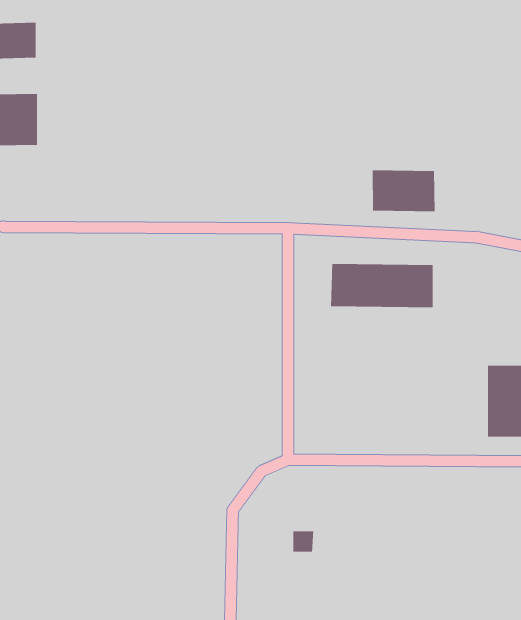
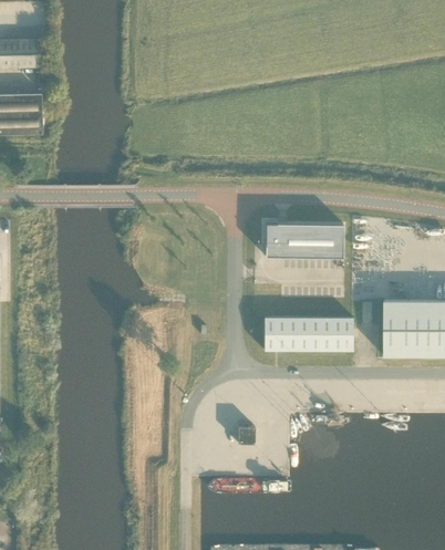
building: [372,169,435,212] -> none
building: none -> [261,318,351,351]

